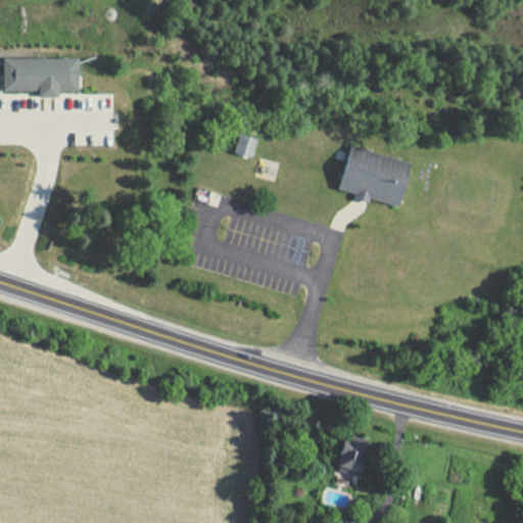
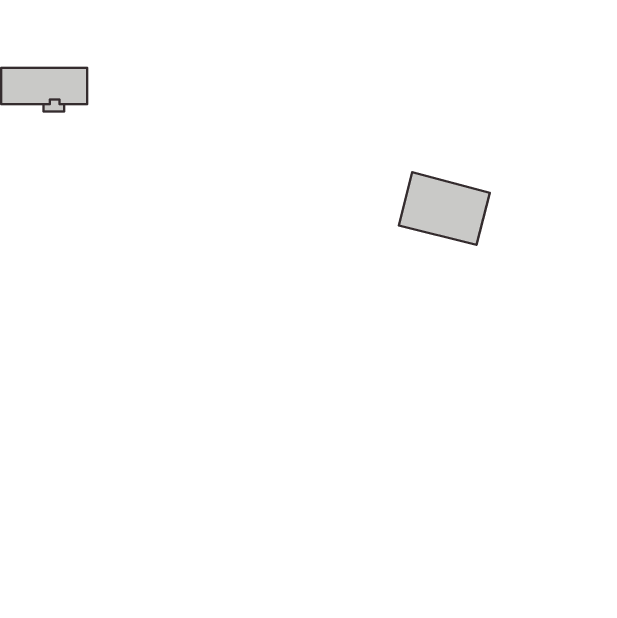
building: [233,134,258,159] -> none
building: [339,441,368,471] -> none

